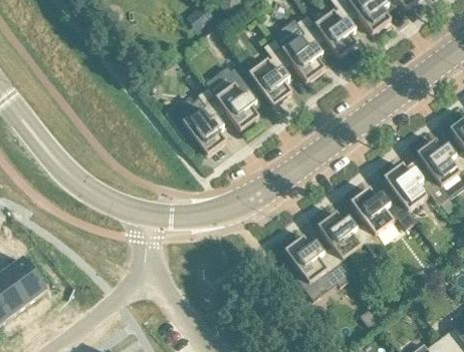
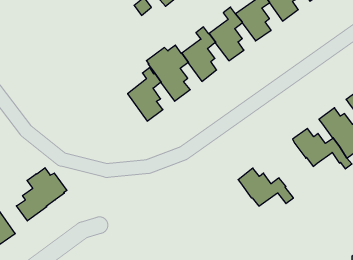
building: [351,187,418,233] -> none
building: none -> [16,168,67,221]
building: [284,235,354,300] -> none

